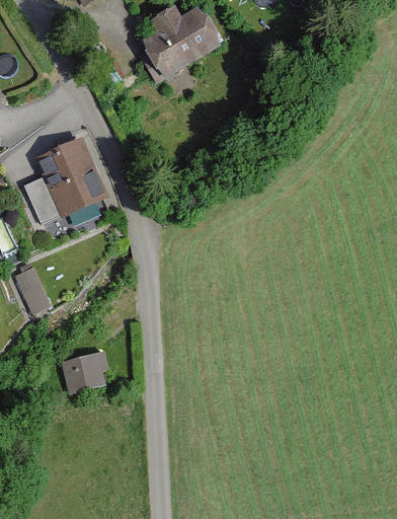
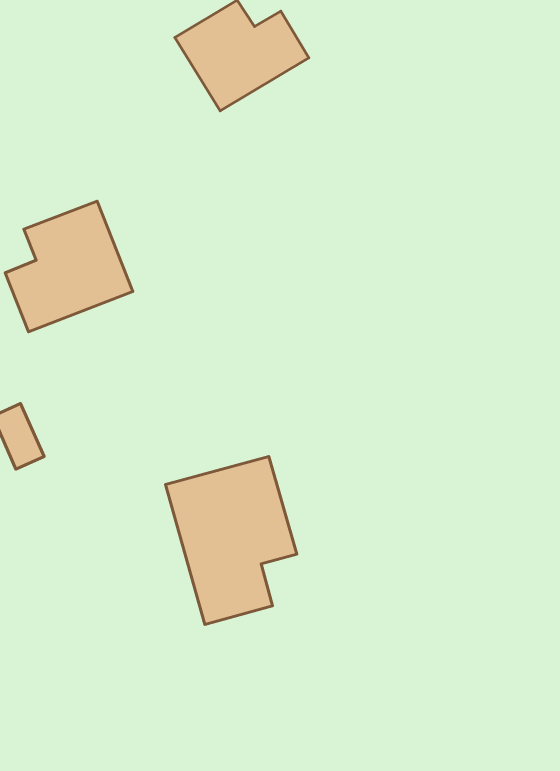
building: none -> [166,456,297,624]
building: [62,350,107,395] -> none

